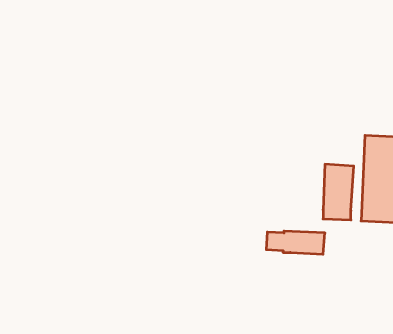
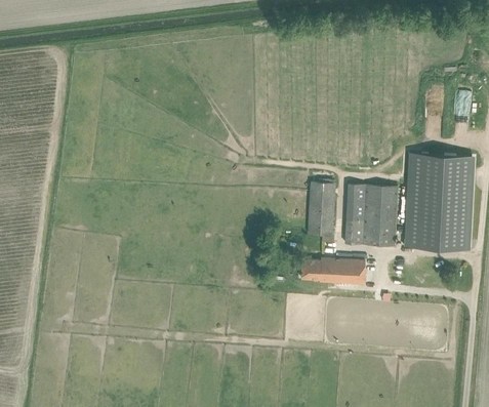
building: none -> [308,181,335,242]
building: none -> [344,184,365,245]

